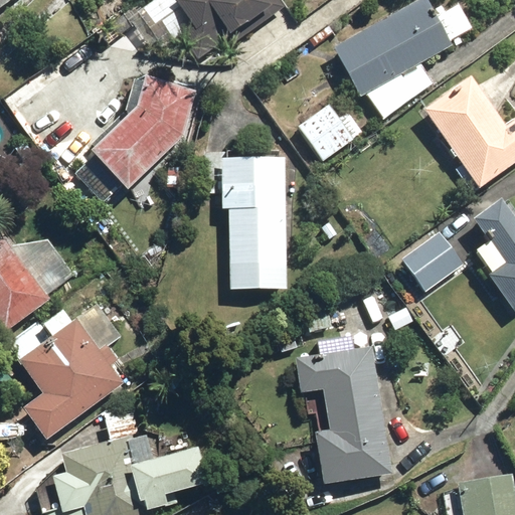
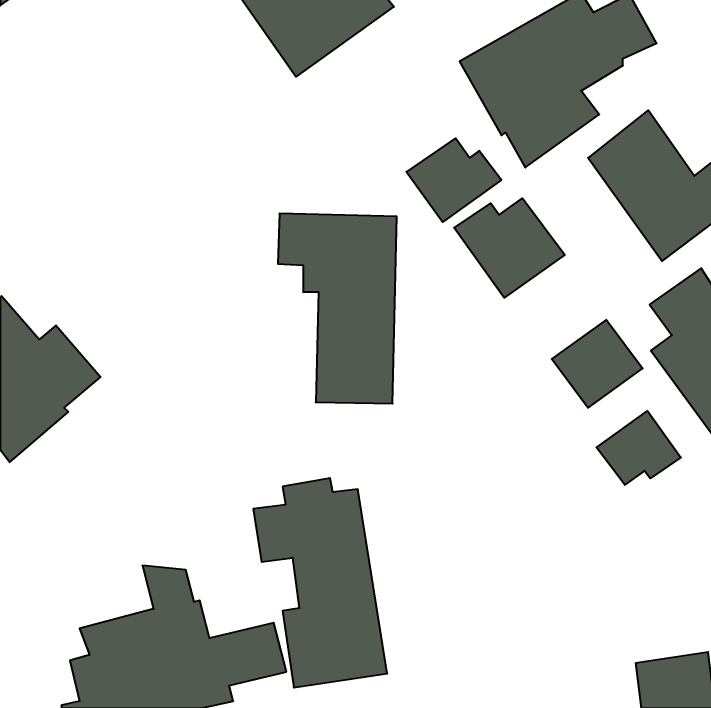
building: [89,74,195,191] -> none
building: none -> [454,198,565,298]
building: none -> [596,411,681,485]
building: [8,301,134,444] -> none
building: [295,334,391,485] -> [253,478,387,688]

